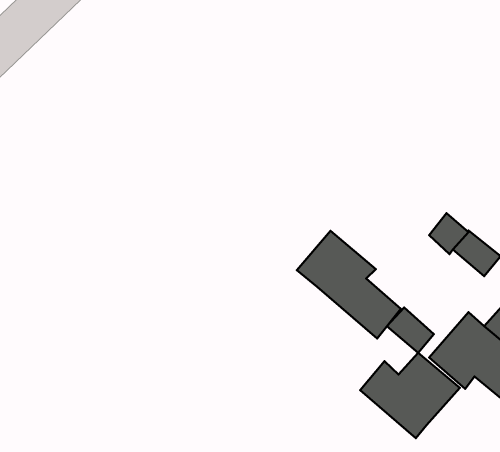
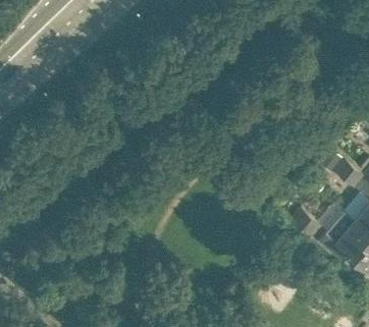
building: [297,231,401,339] -> none
building: [360,353,460,438] -> none

